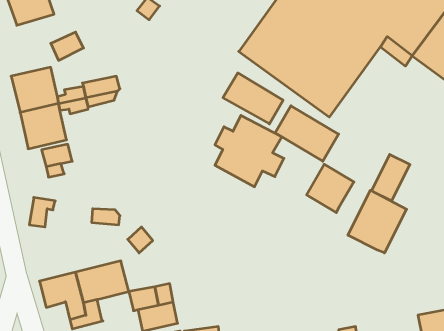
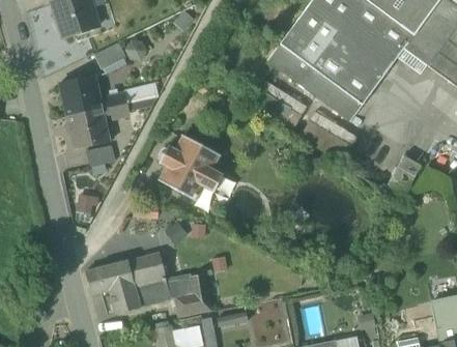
building: [215,115,284,187] -> [159,135,222,200]
building: [307,164,354,213] -> none
building: [348,190,407,253] -> none
building: none -> [137,280,170,306]

